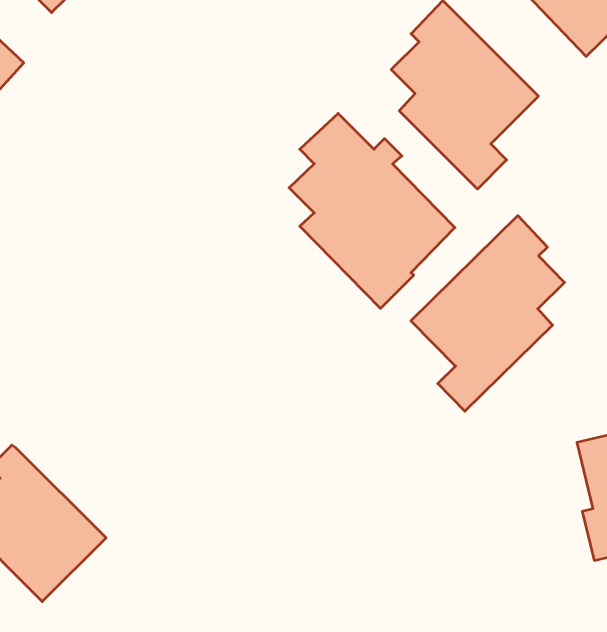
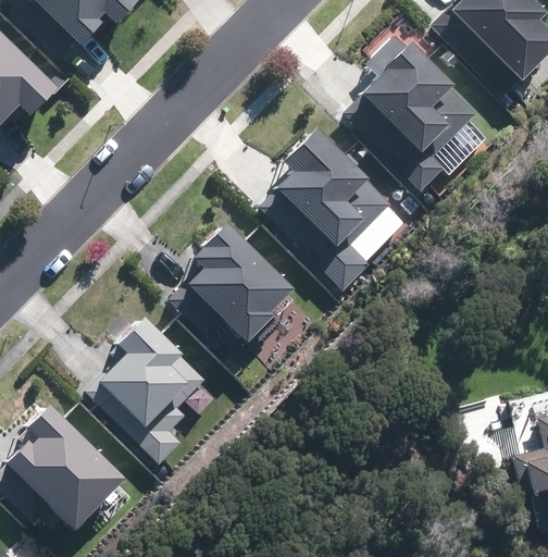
building: [411,216,565,411] -> none
building: none -> [187,223,292,343]
building: none -> [96,313,210,462]

